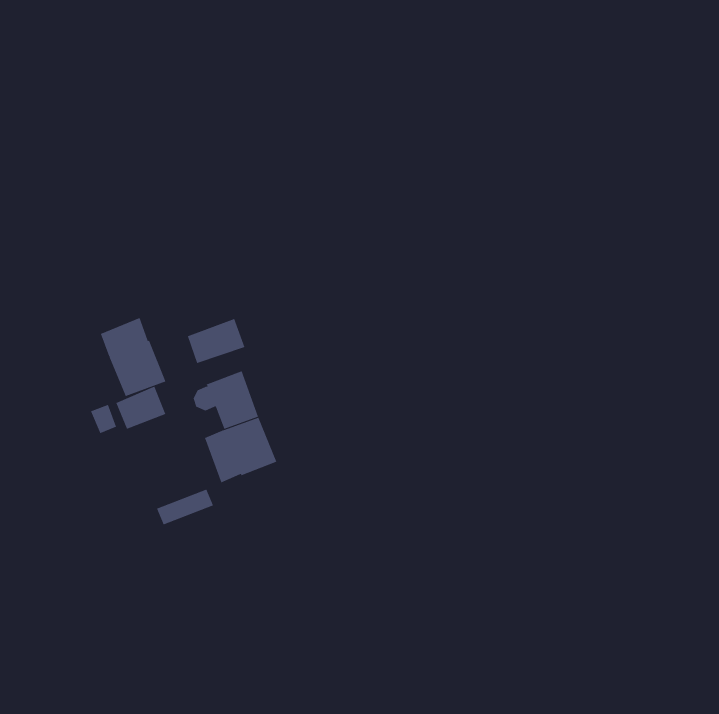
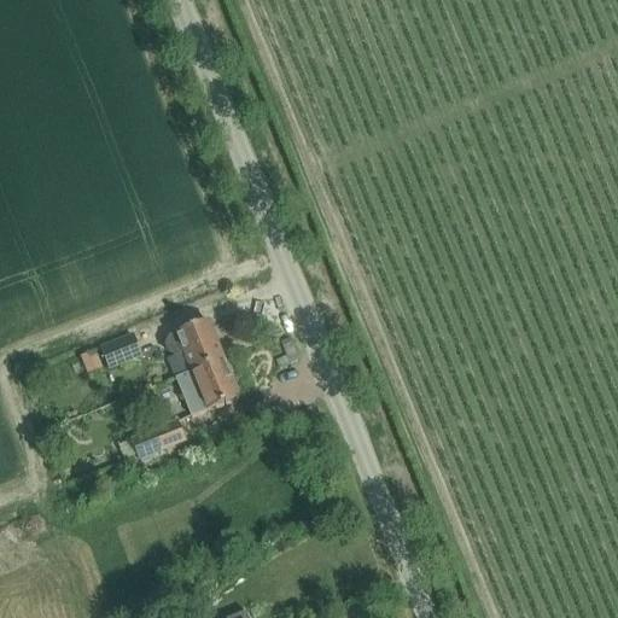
building: [100,317,166,397] -> none
building: [187,318,245,364] -> none

